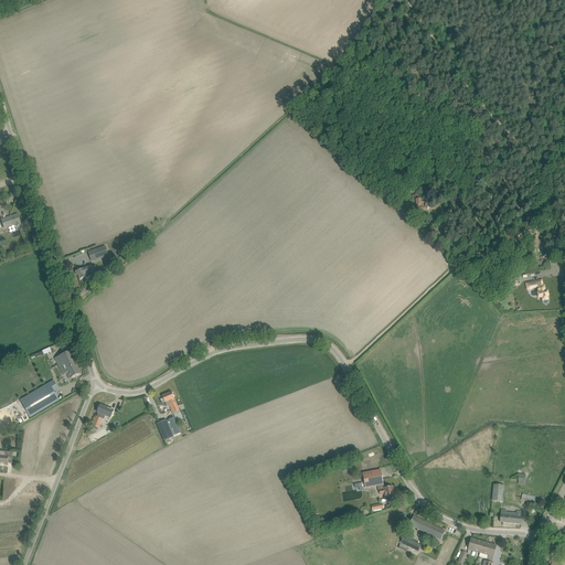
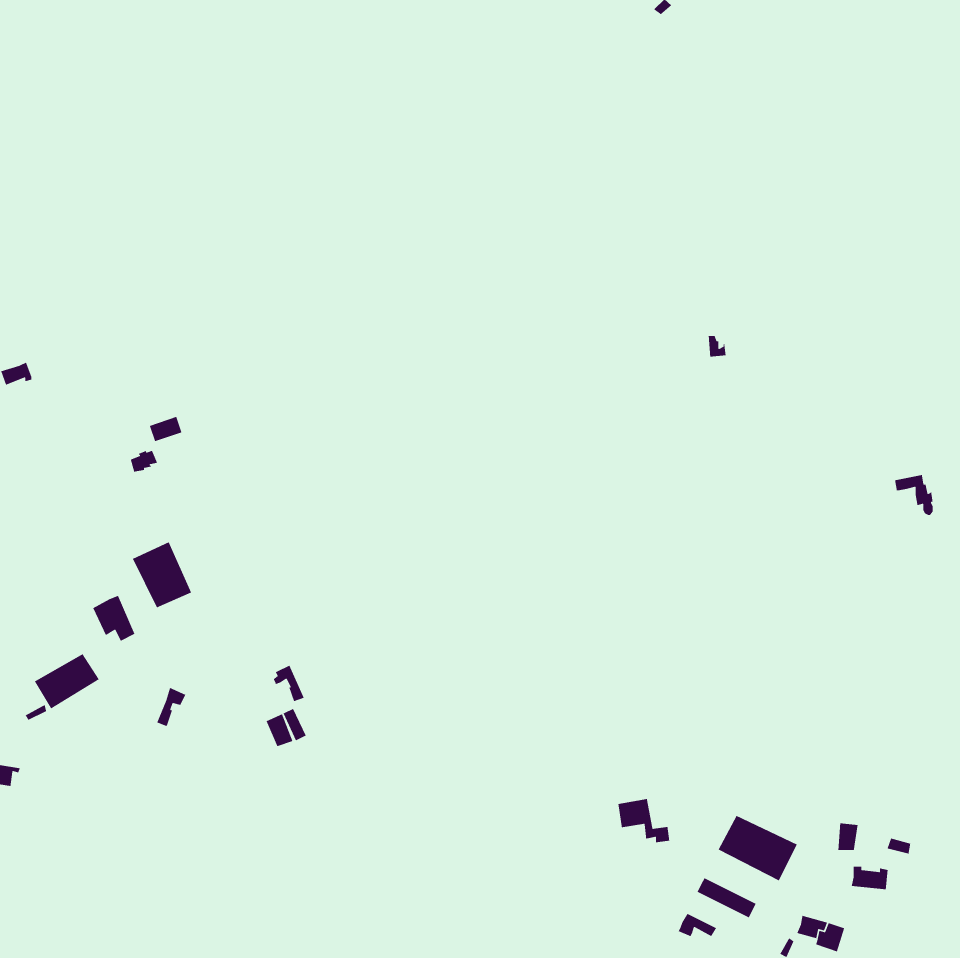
building: none -> [132,541,192,608]
building: none -> [718,815,798,881]

